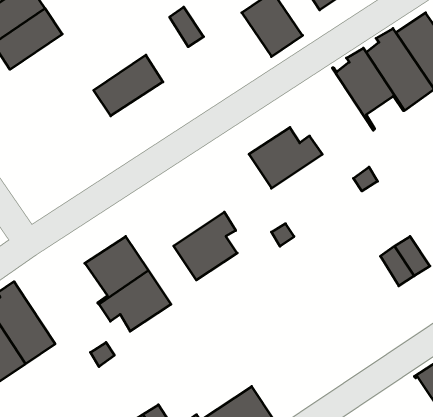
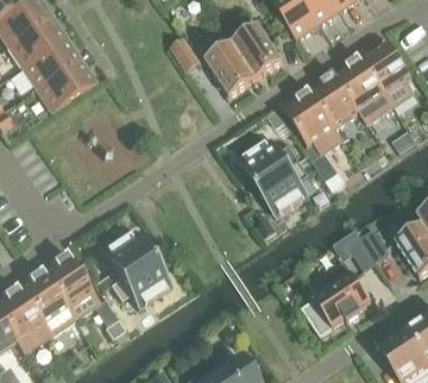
building: none -> [203,40,256,95]
building: [94,55,163,116] -> [36,58,94,109]
building: none -> [284,87,341,153]
building: [174,212,237,280] -> [256,159,309,216]
building: none -> [42,250,99,319]
building: none -> [301,272,371,335]

